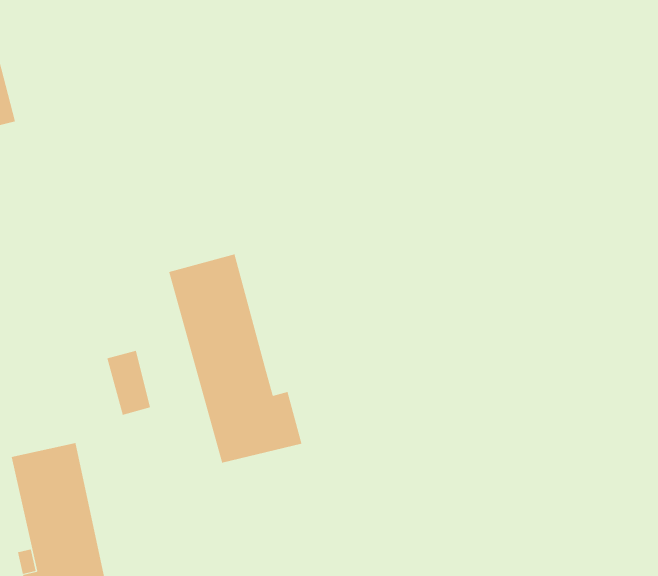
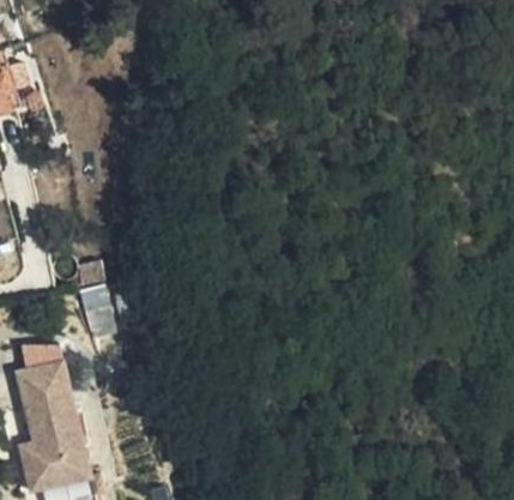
building: [168,253,302,463] -> none

